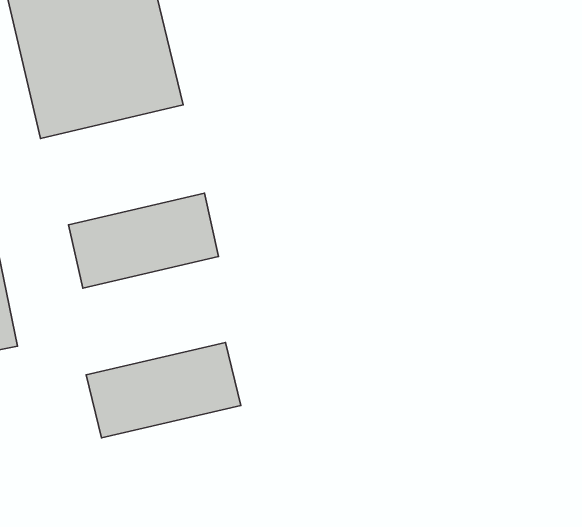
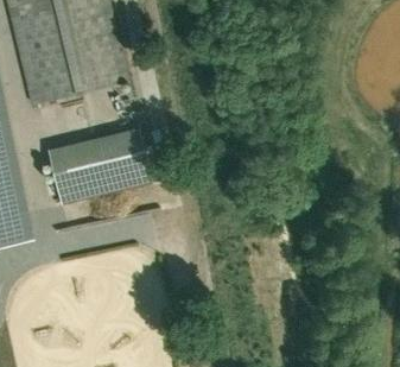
building: [86,342,241,438] -> none

